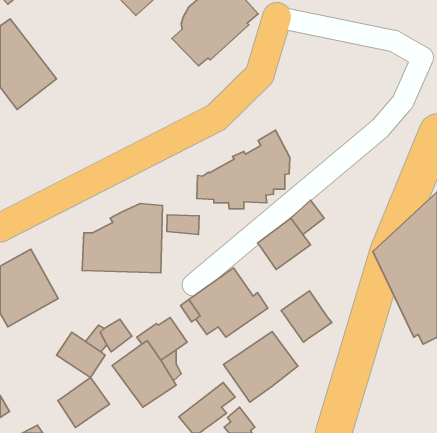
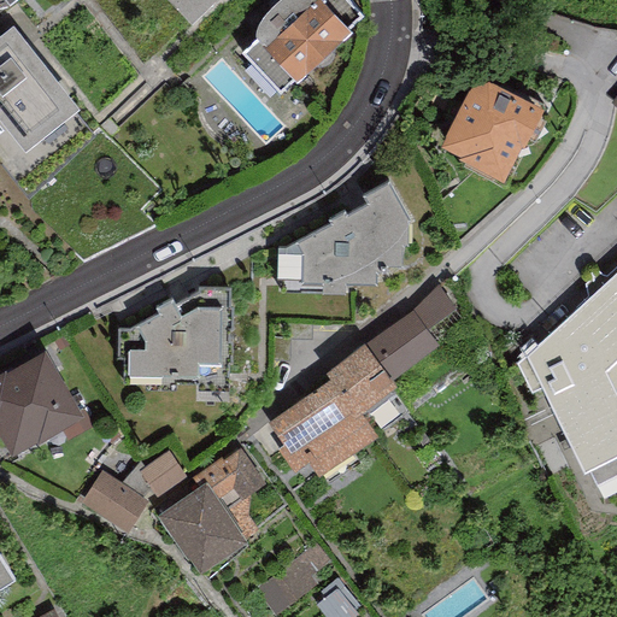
building: none -> [440,83,543,184]
building: [167,215,199,235] -> none
building: [281,291,332,342] -> [325,345,396,417]
building: [224,332,298,402] -> none
building: [58,377,109,427] -> none

